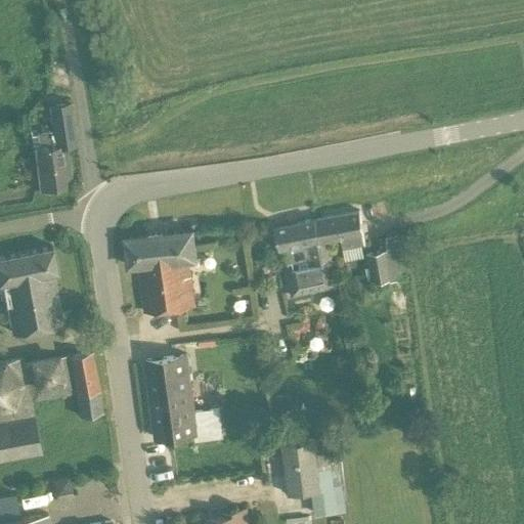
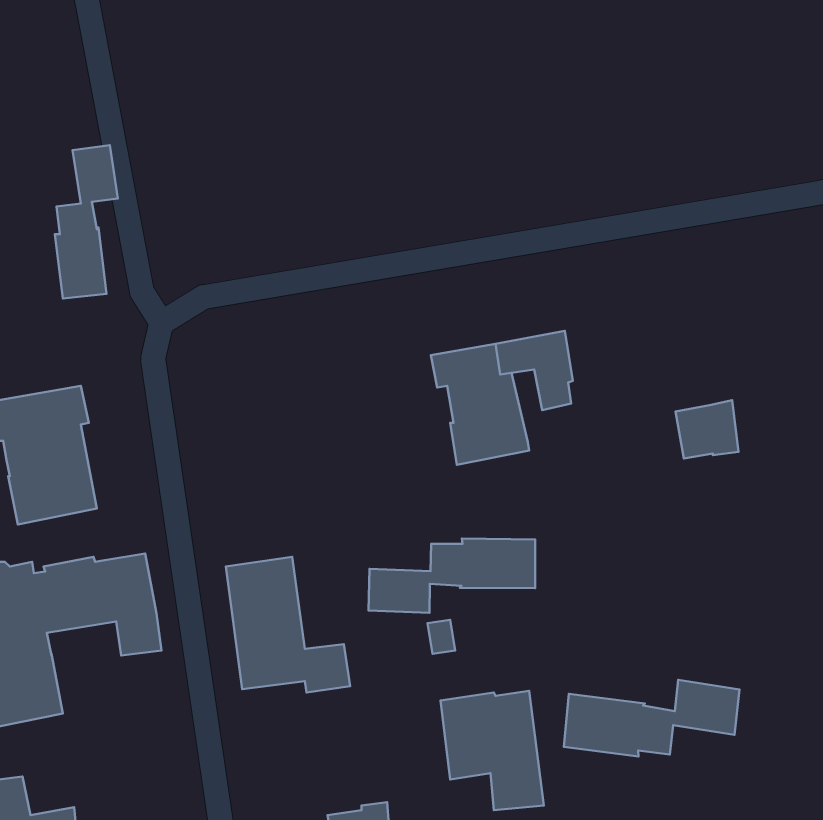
building: [124,230,195,314] -> none
building: [364,249,404,286] -> [676,400,739,458]
building: none -> [369,539,535,613]
building: none -> [564,680,739,757]

